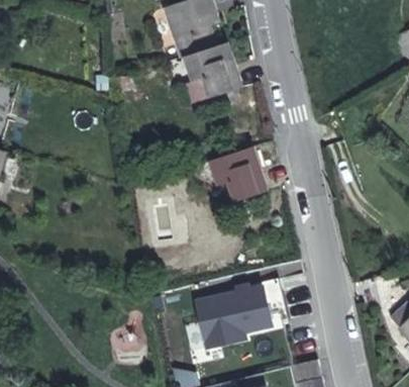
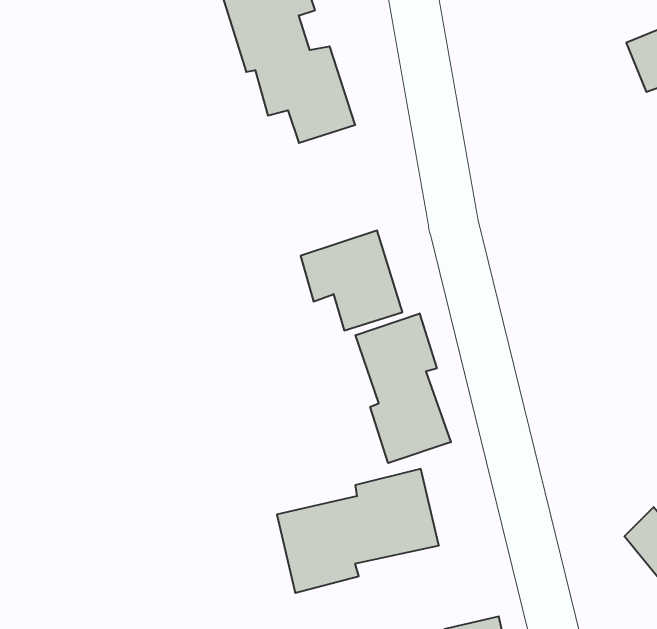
building: none -> [356,313,451,463]

